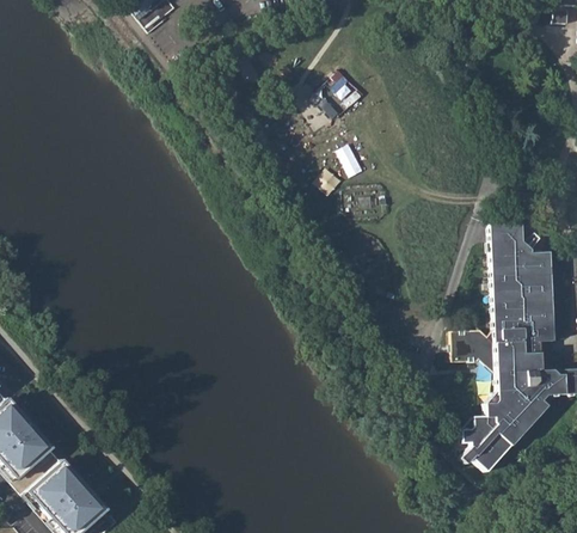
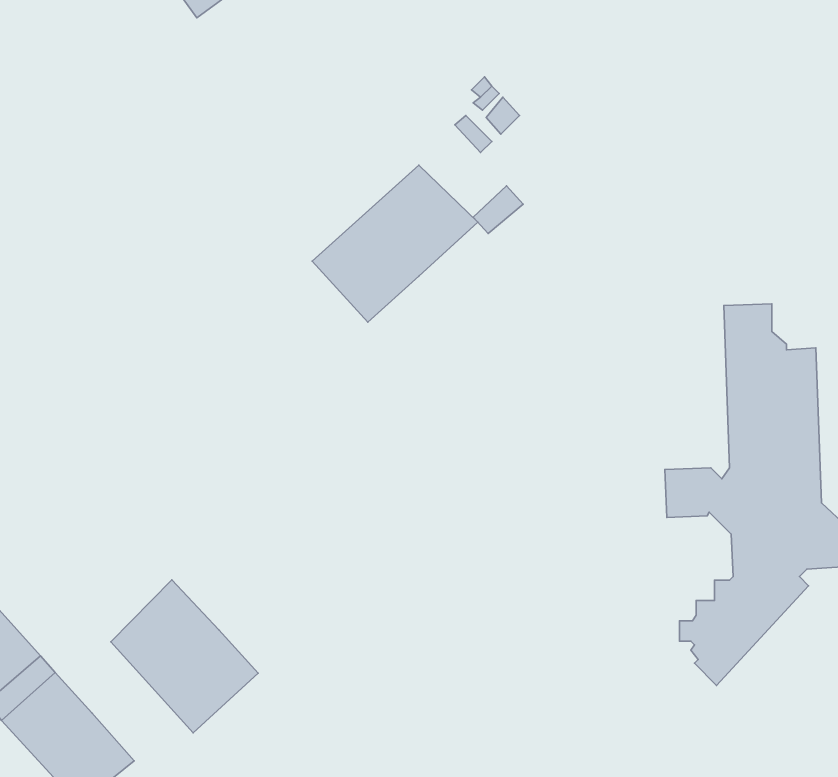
building: none -> [312,165,478,322]
building: none -> [111,580,258,733]

